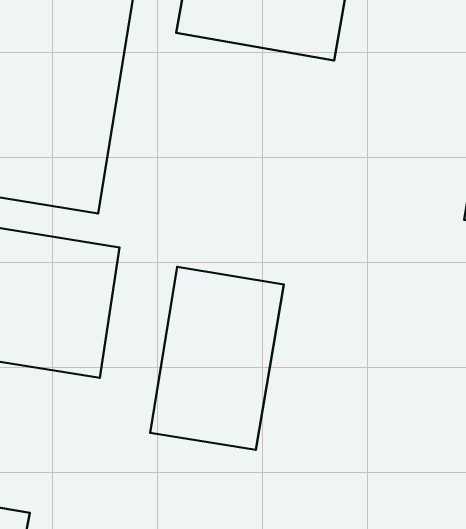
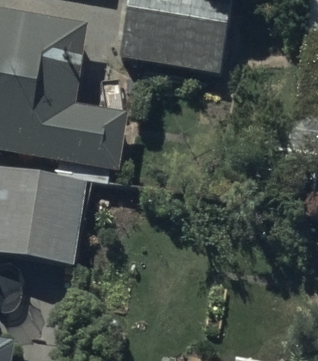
building: [150,267,284,450] -> none

